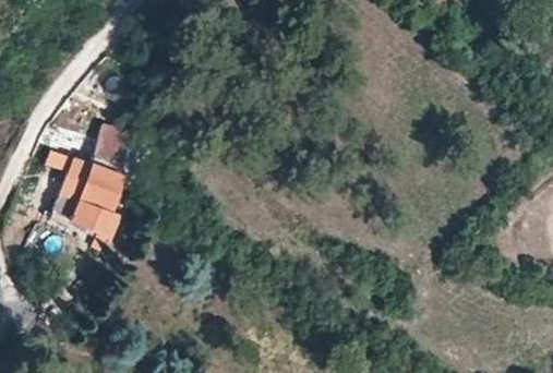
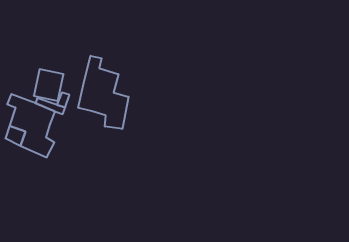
building: none -> [78,56,129,129]

